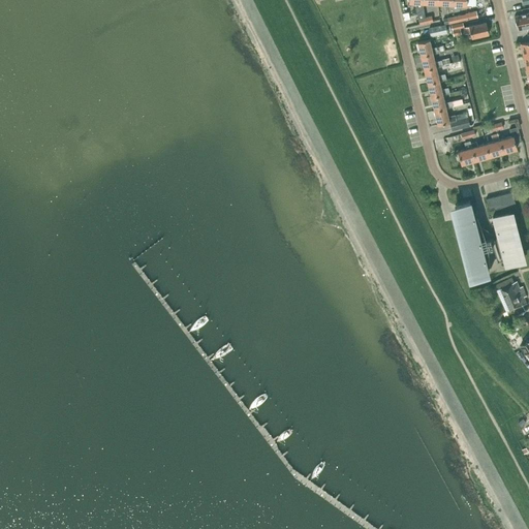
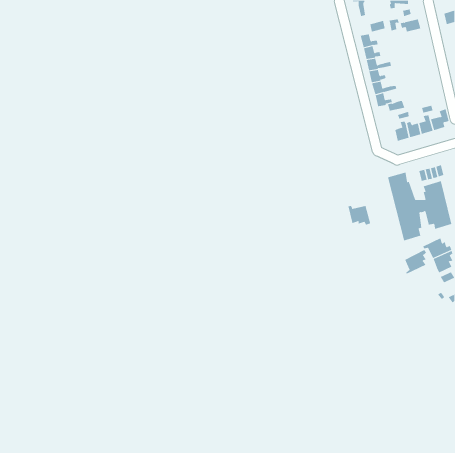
building: none -> [348,205,371,225]
building: none -> [404,249,427,275]

